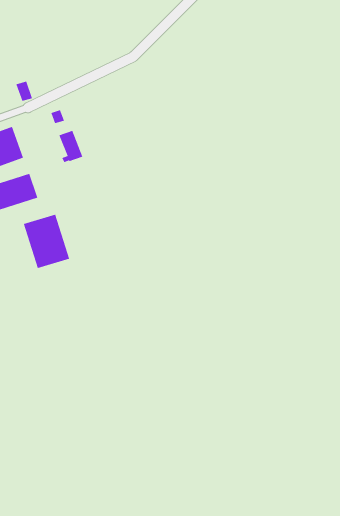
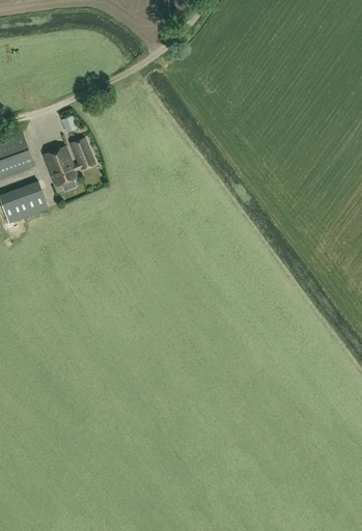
building: none -> [41,146,77,187]
building: [23,214,70,269] -> none

